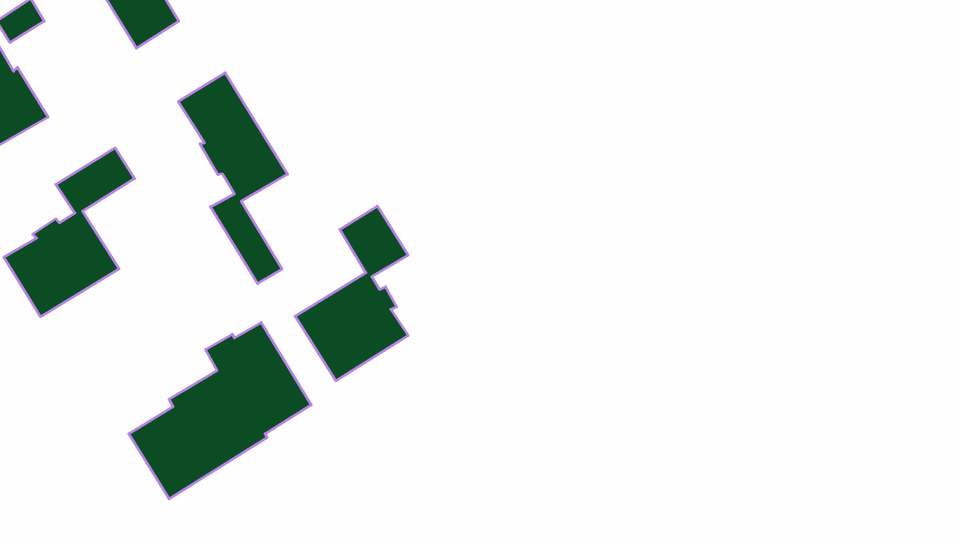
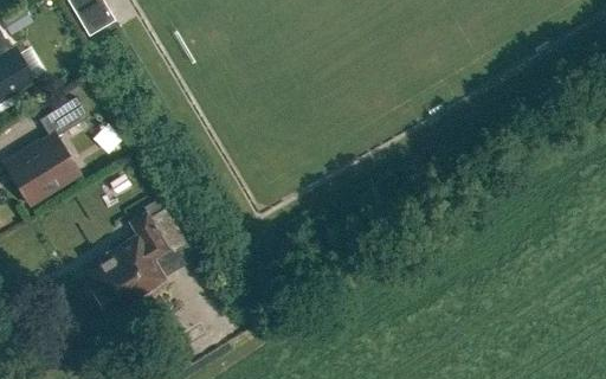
building: [178,73,288,284] -> none
building: [295,206,408,381] -> none

